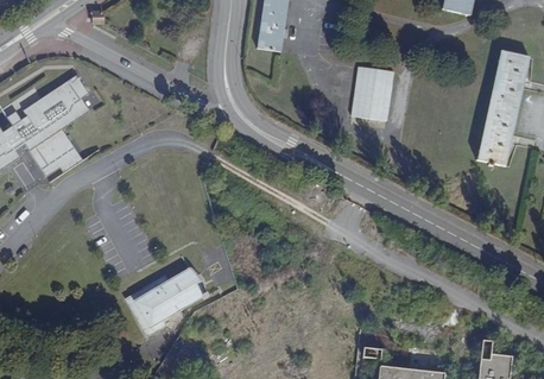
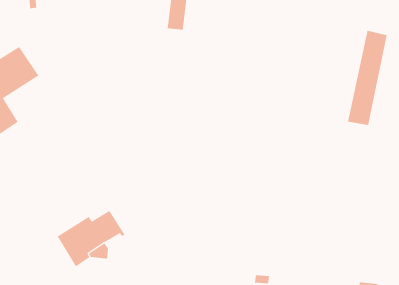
building: [352,67,391,120] -> none

